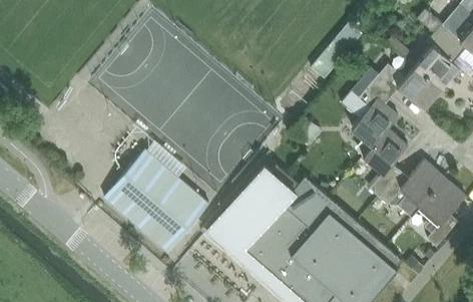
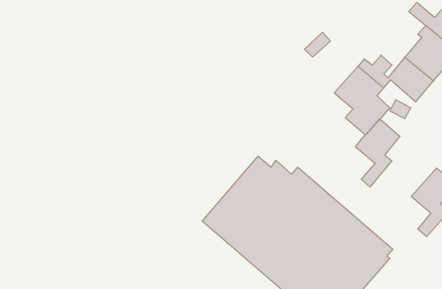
building: [104,150,208,253] -> none
building: [377,161,444,218] -> none

